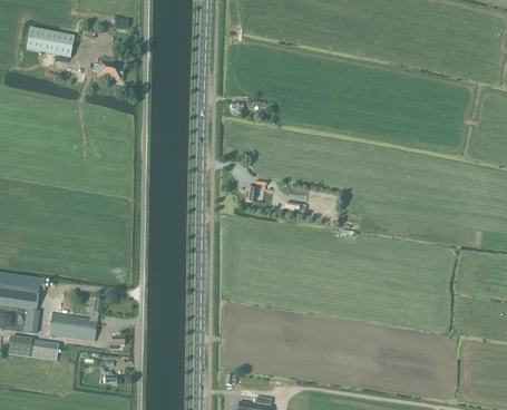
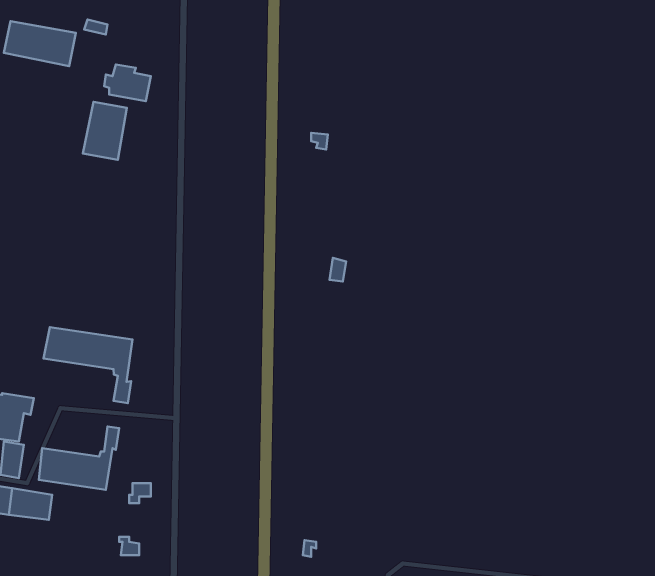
building: none -> [83,102,127,160]
building: none -> [43,327,132,403]

